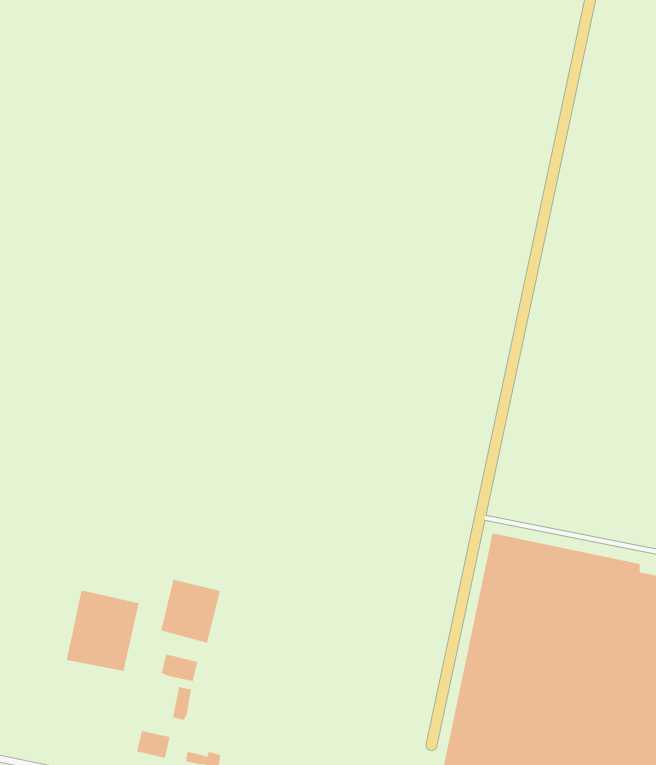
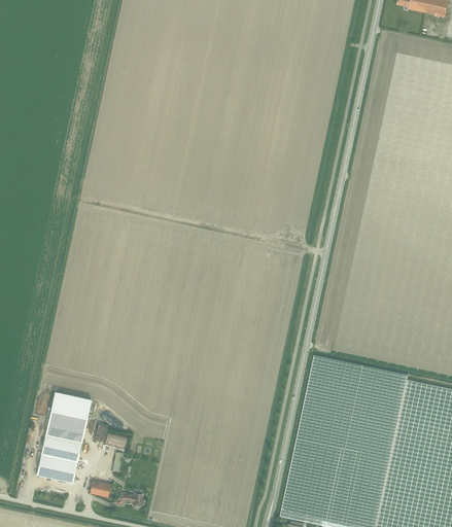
building: [160,579,221,643] -> none
building: none -> [37,435,82,483]

